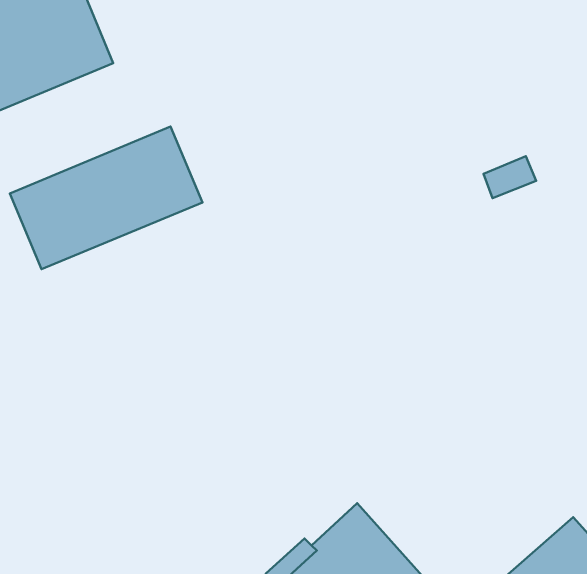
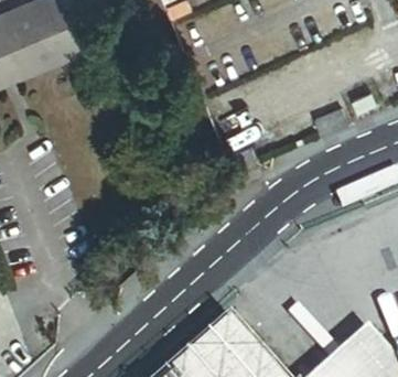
building: [10,127,202,269] -> none

